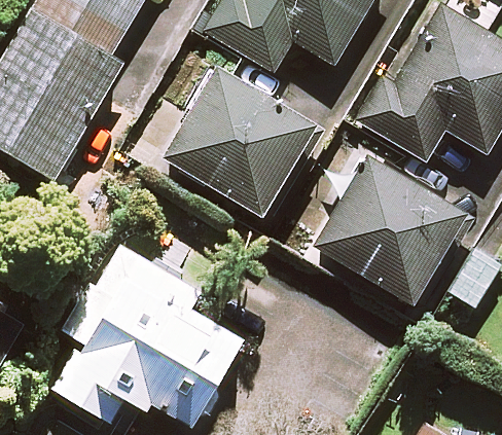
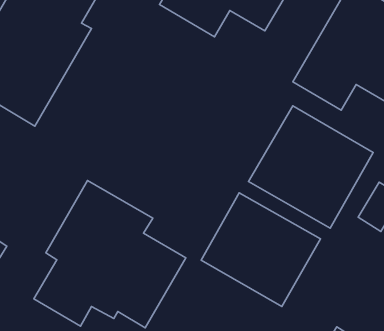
building: [162,69,313,215] -> none
building: none -> [201,193,321,307]

